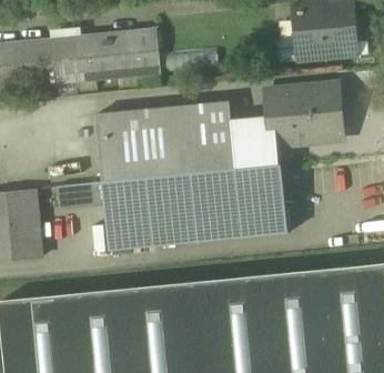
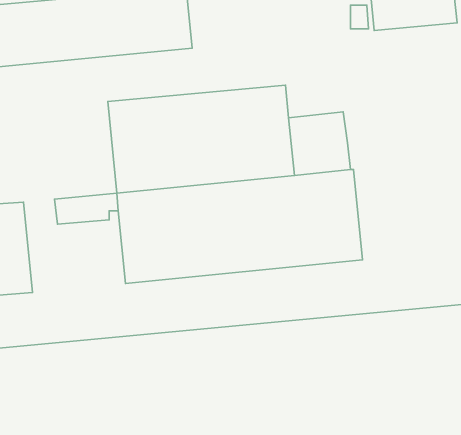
building: [271,84,337,145] -> none

